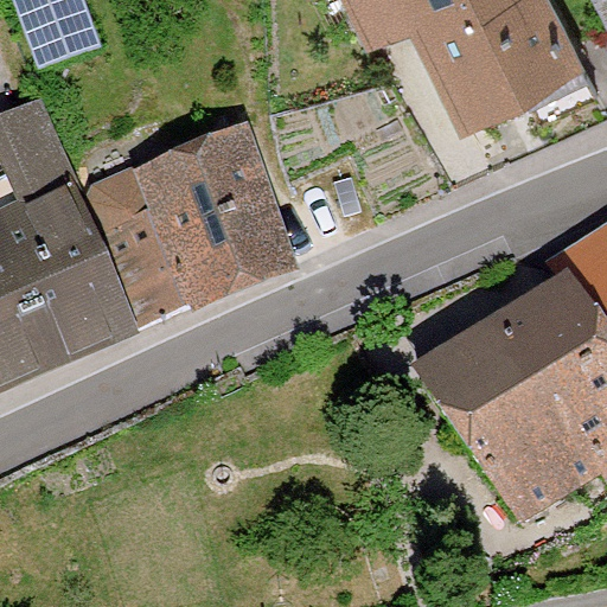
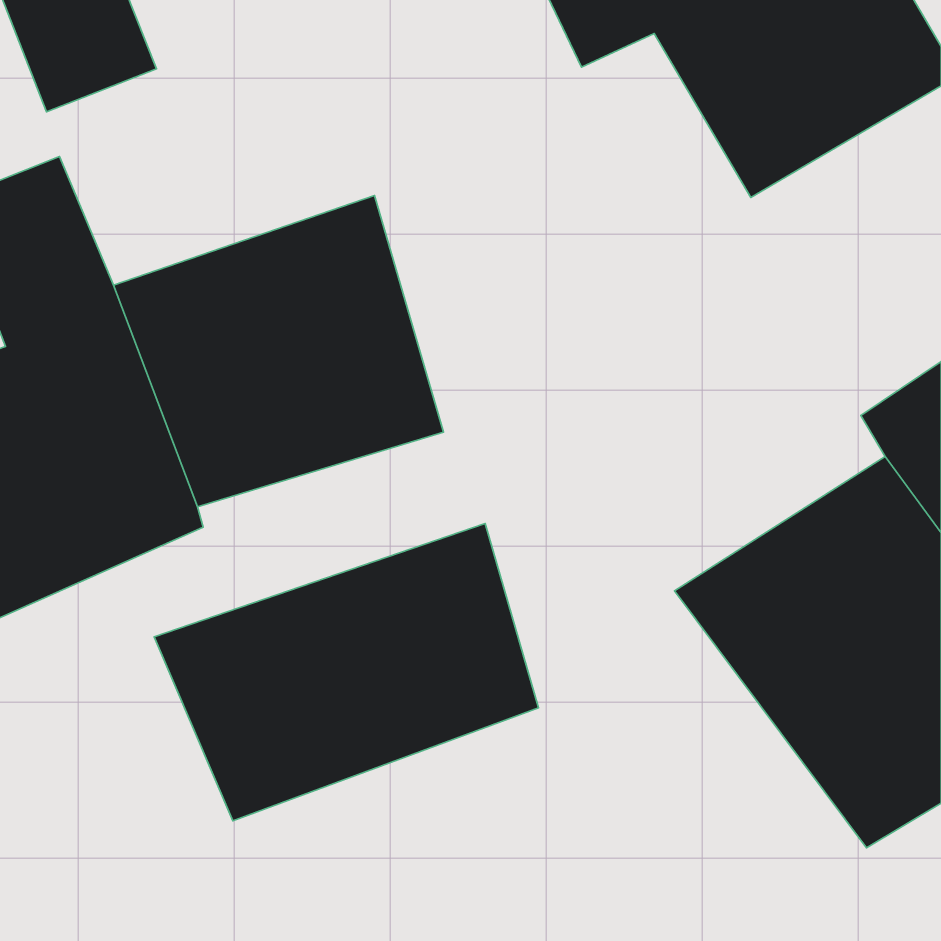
building: none -> [154,523,539,821]

